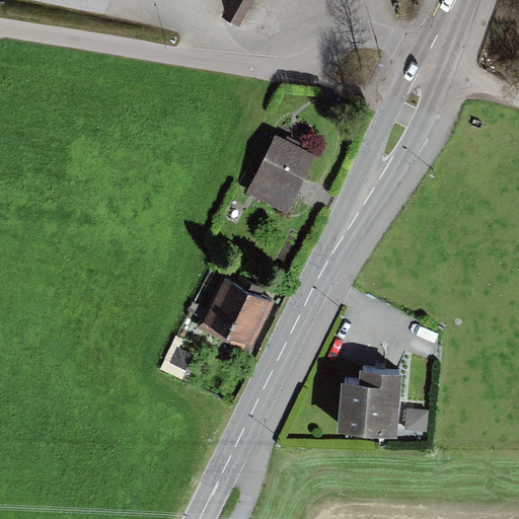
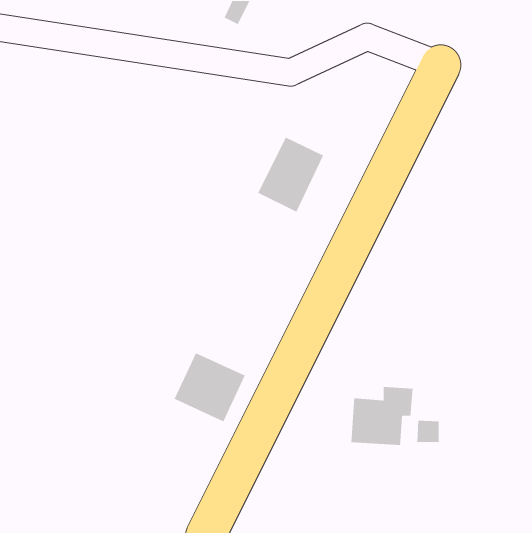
building: [202,282,272,350] -> [173,352,246,422]

